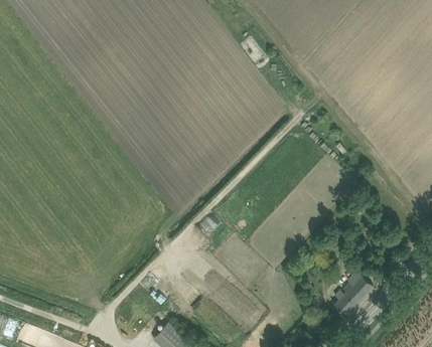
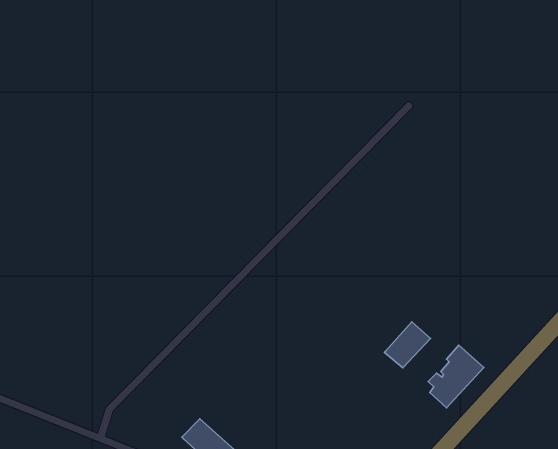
building: none -> [384,322,430,368]

